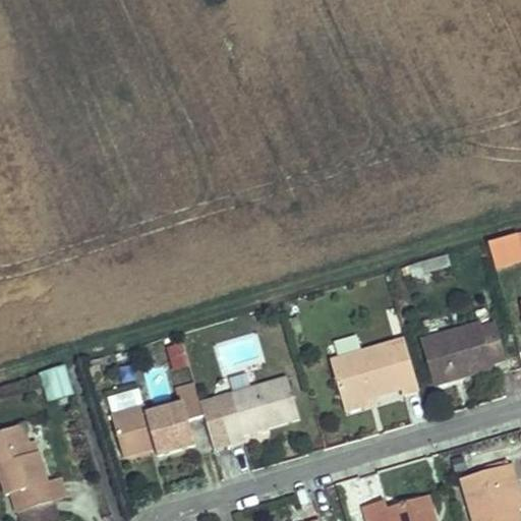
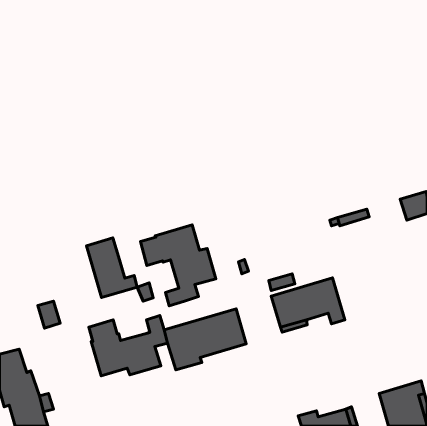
building: none -> [141,225,216,306]
building: none -> [87,238,137,298]
building: [417,311,506,386] -> none

